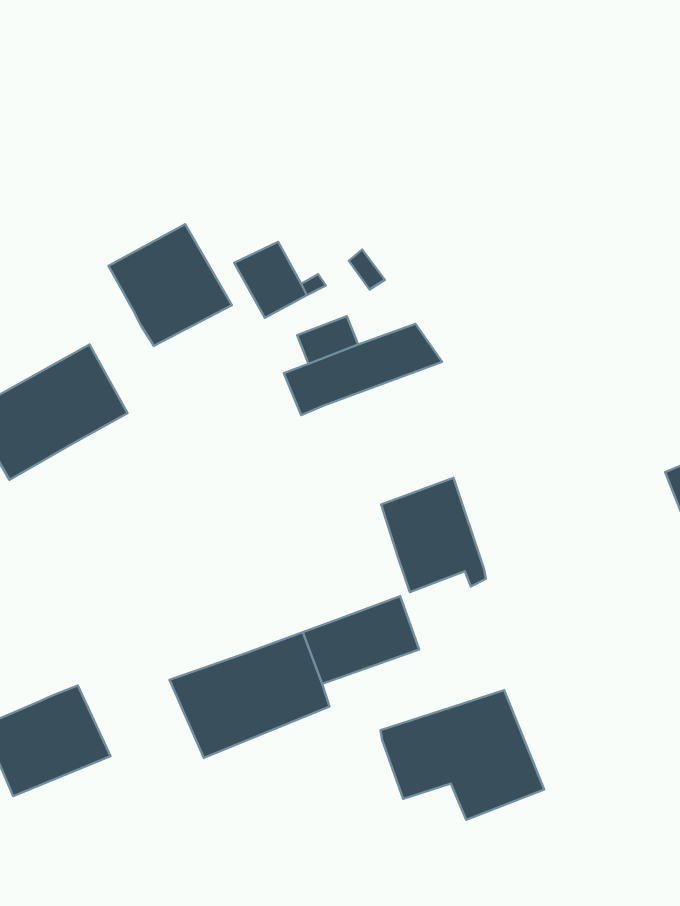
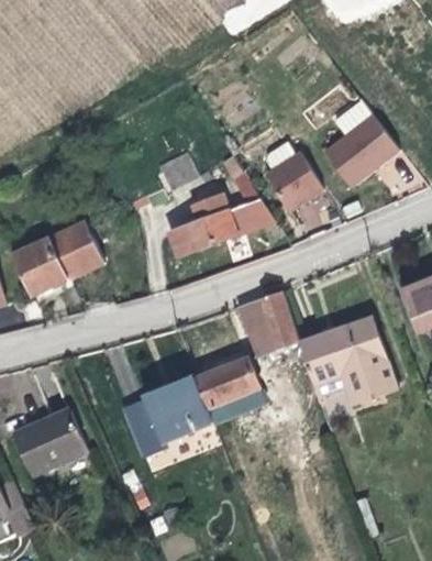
building: none -> [323,127,399,194]
building: [109,224,232,346] -> none
building: none -> [268,162,324,219]
building: [380,690,544,820] -> [301,318,396,393]

